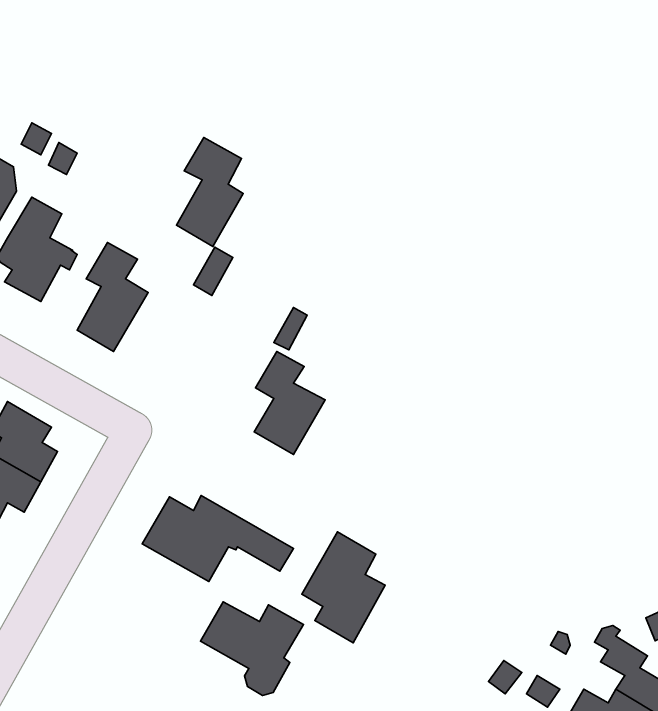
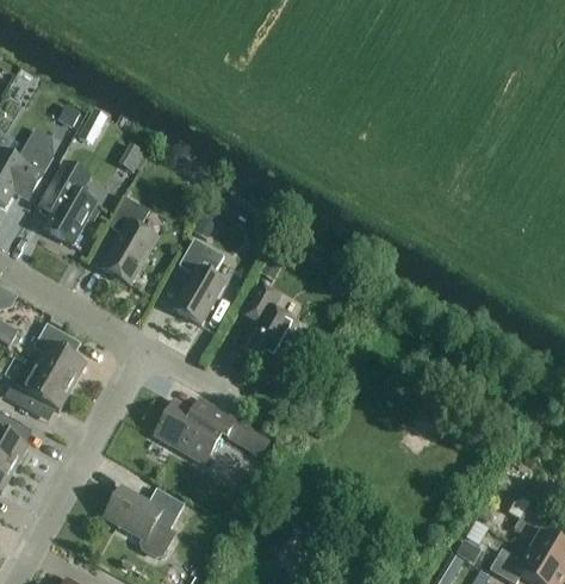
building: [177,137,243,246] -> [173,238,225,324]
building: [302,532,385,643] -> none
building: [200,602,303,696] -> [104,486,185,560]

